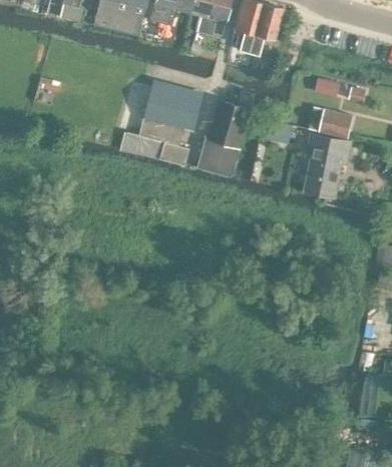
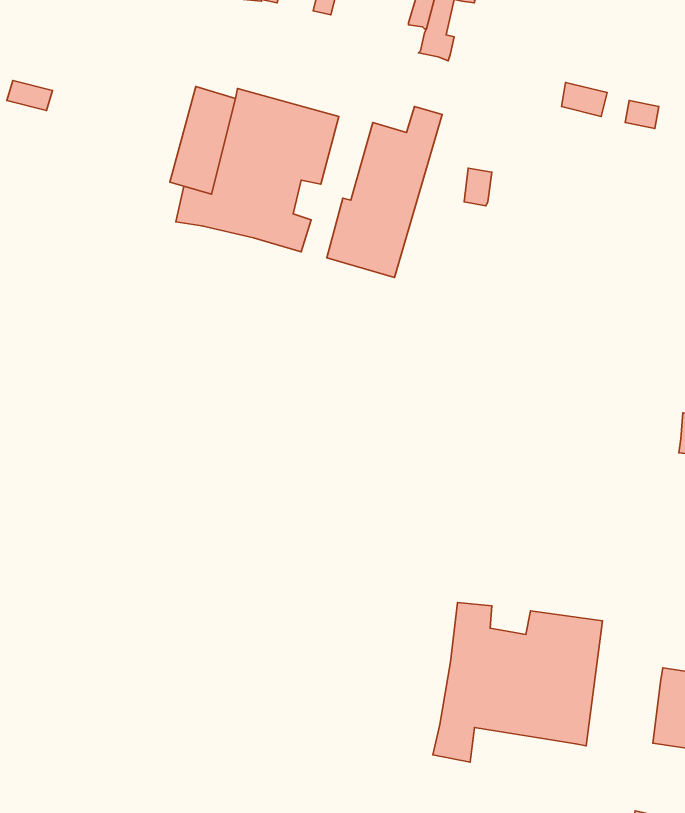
building: [310,108,353,137] -> none
building: [306,134,351,195] -> none
building: none -> [433,603,602,762]

